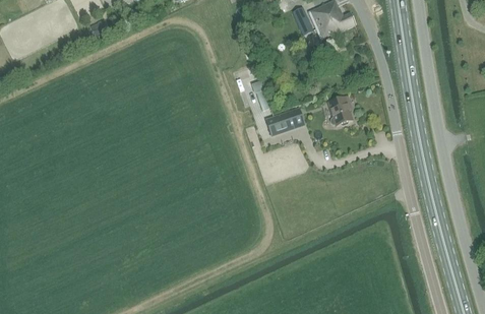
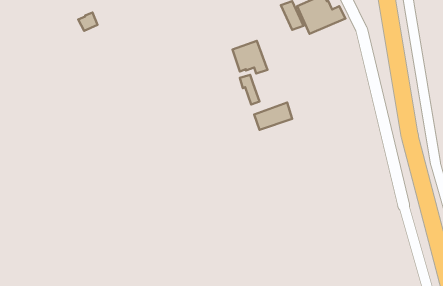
building: none -> [232,41,268,73]
building: [327,96,353,125] -> none

